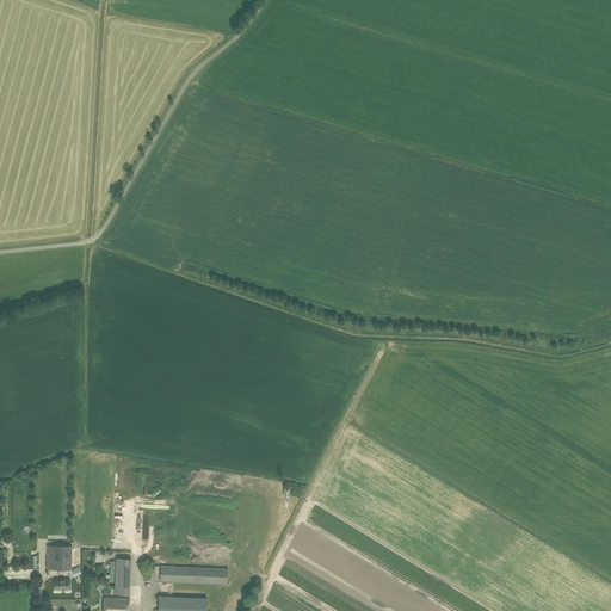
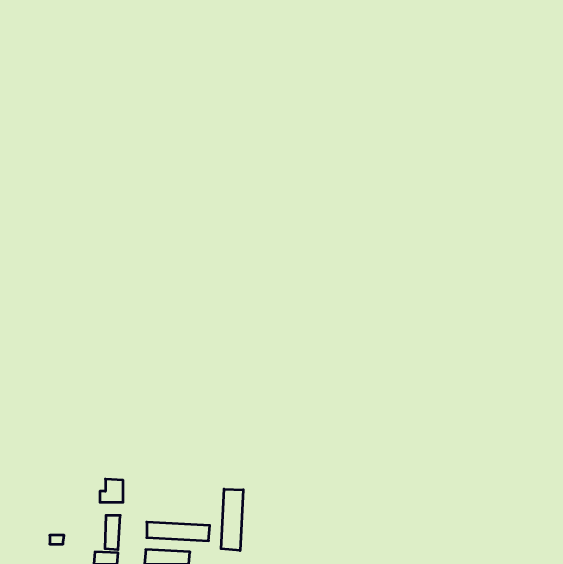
building: none -> [221,489,243,551]
building: [45,544,70,569] -> [100,479,123,502]

